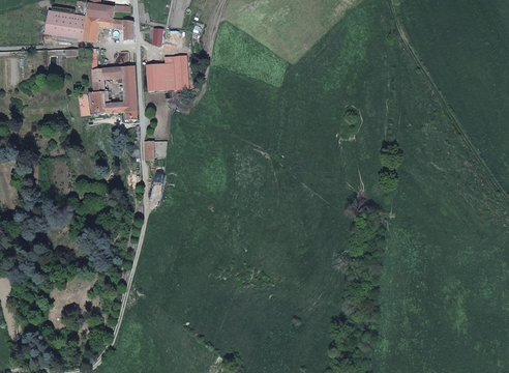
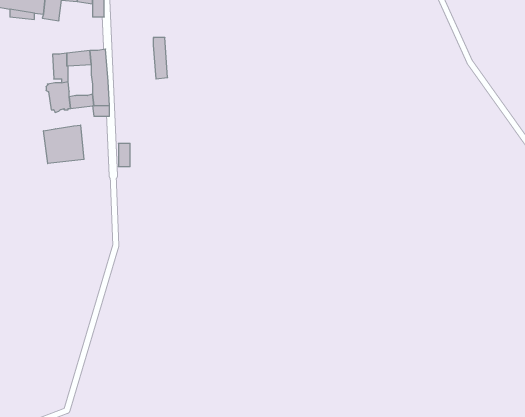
building: [146,62,175,91] -> none
building: none -> [44,125,84,164]

